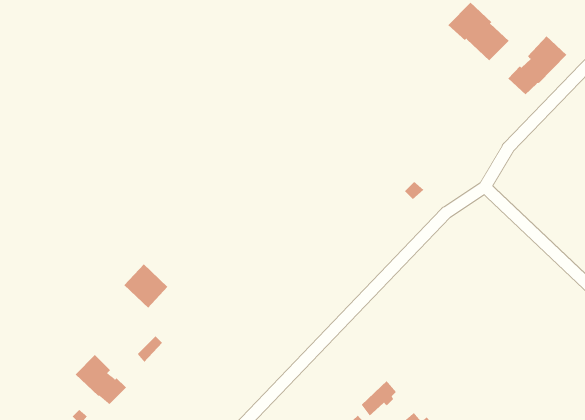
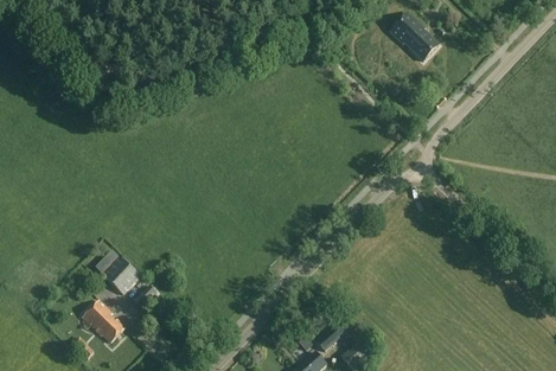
building: [508,36,567,95] -> none
building: [124,264,168,308] -> [102,256,139,293]

